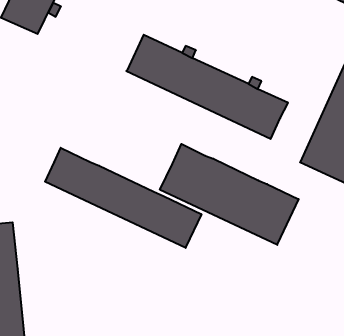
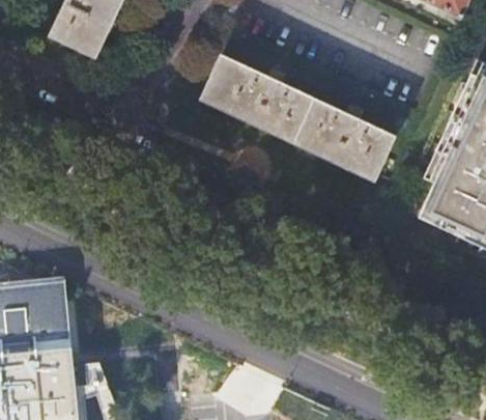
building: [160,144,299,245] -> none
building: [45,148,201,248] -> none

